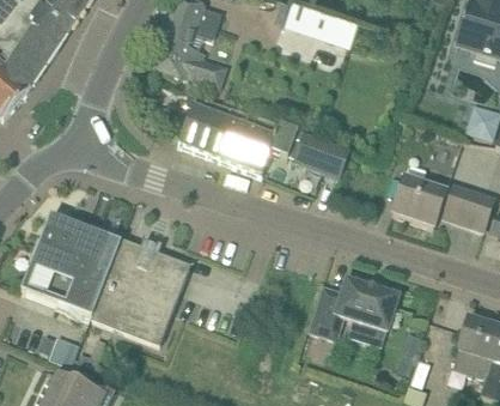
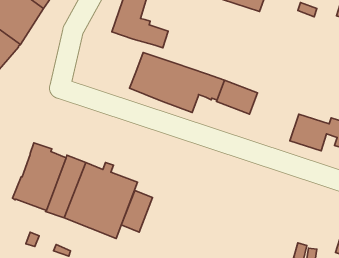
building: [311,280,398,345] -> none
building: none -> [121,190,153,232]

